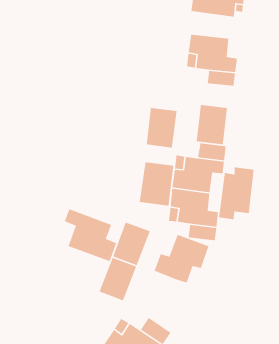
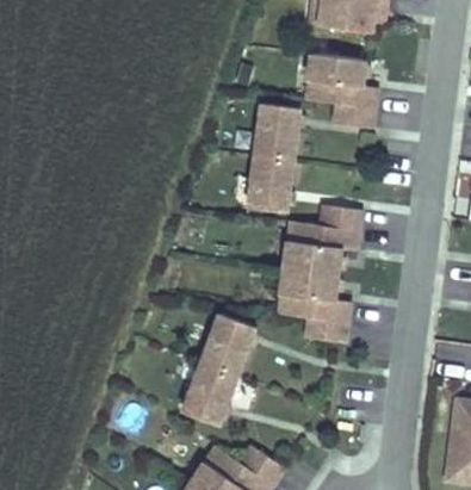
building: [196,104,228,145] -> [254,103,298,160]
building: [139,162,174,206] -> none
building: [218,167,255,220] -> none
building: [64,208,117,262] -> none
building: [154,234,210,284] -> none

